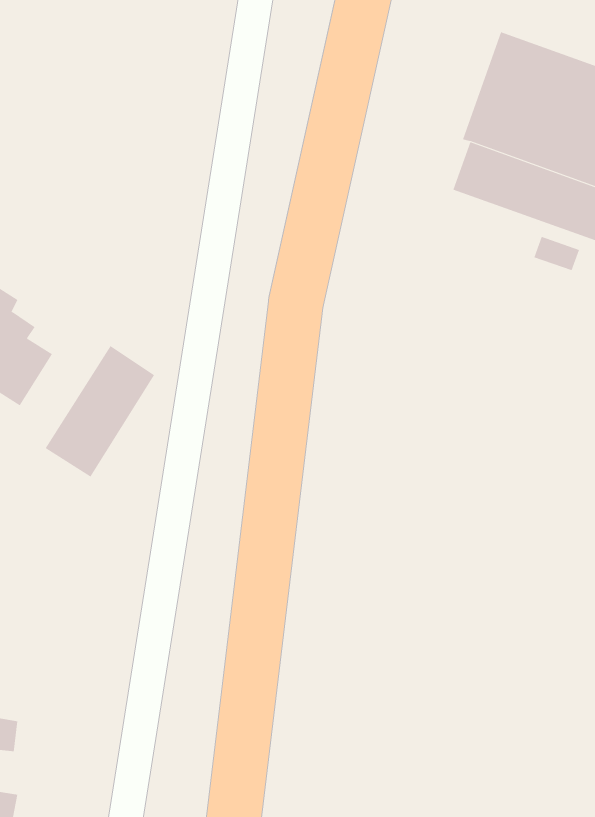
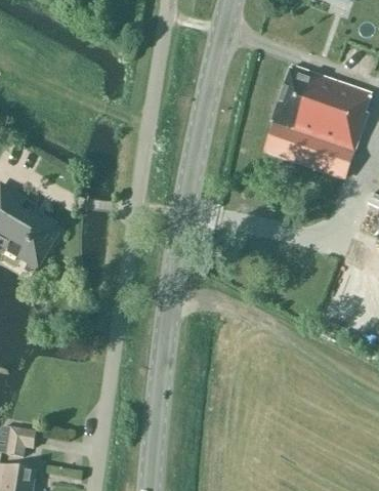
building: [45,345,155,477] -> none

